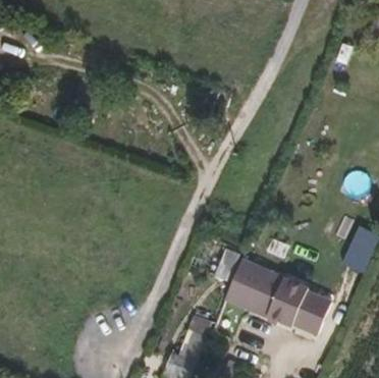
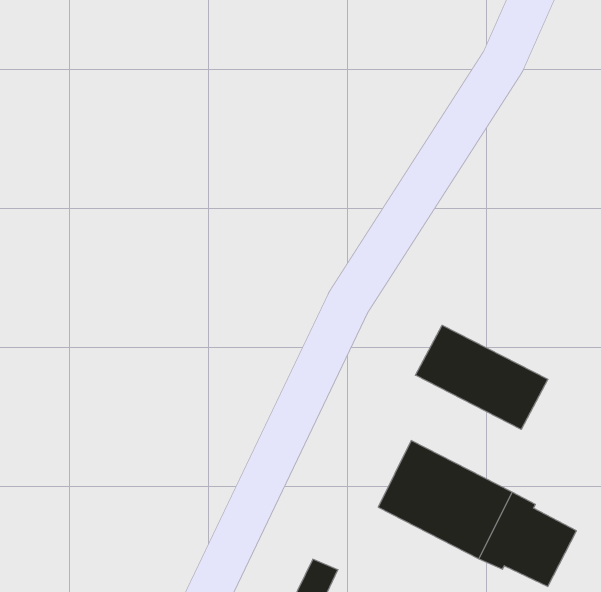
building: none -> [415,325,548,429]

